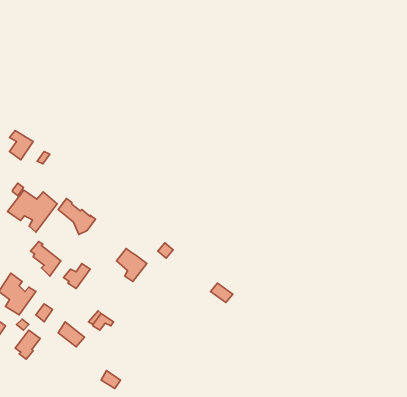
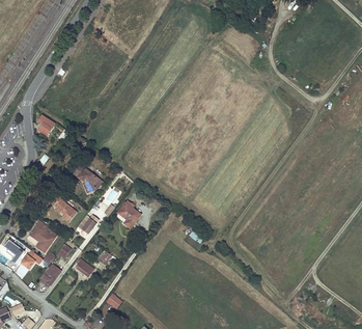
building: [8,190,57,232] -> none

